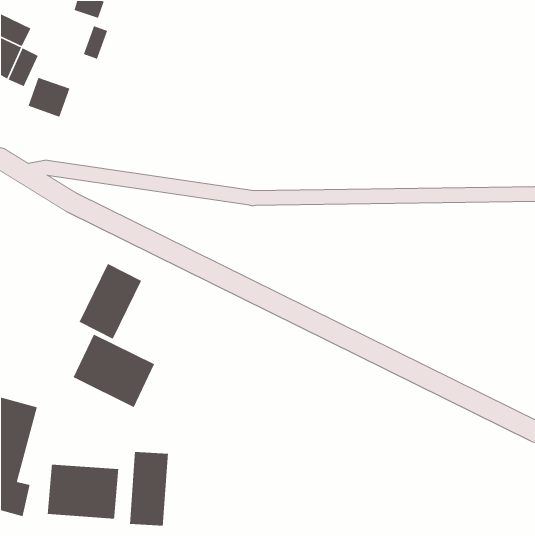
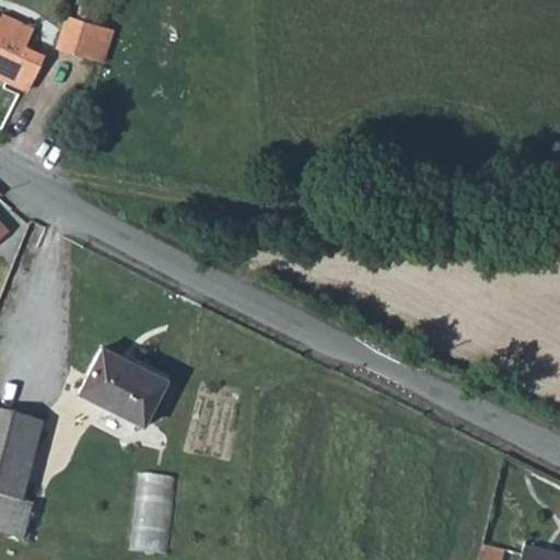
building: [27,77,70,118] -> [54,14,98,57]
building: [79,263,142,340] -> none
building: [47,464,119,519] -> none

